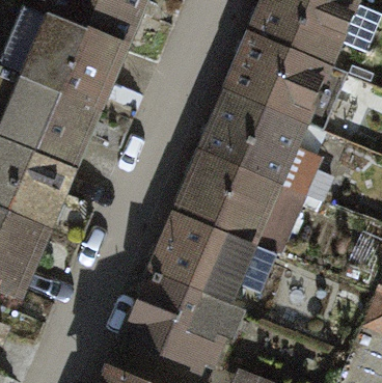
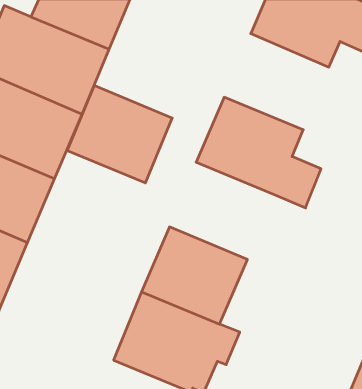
building: [229,32,347,130] -> none
building: [179,152,276,242] -> [67,86,172,183]

